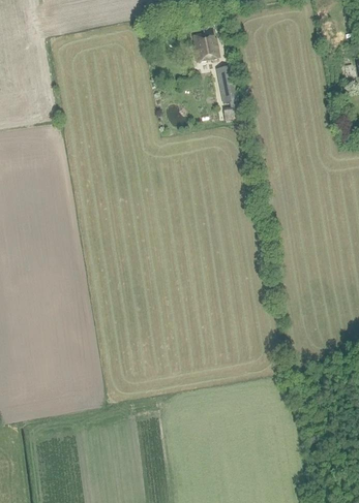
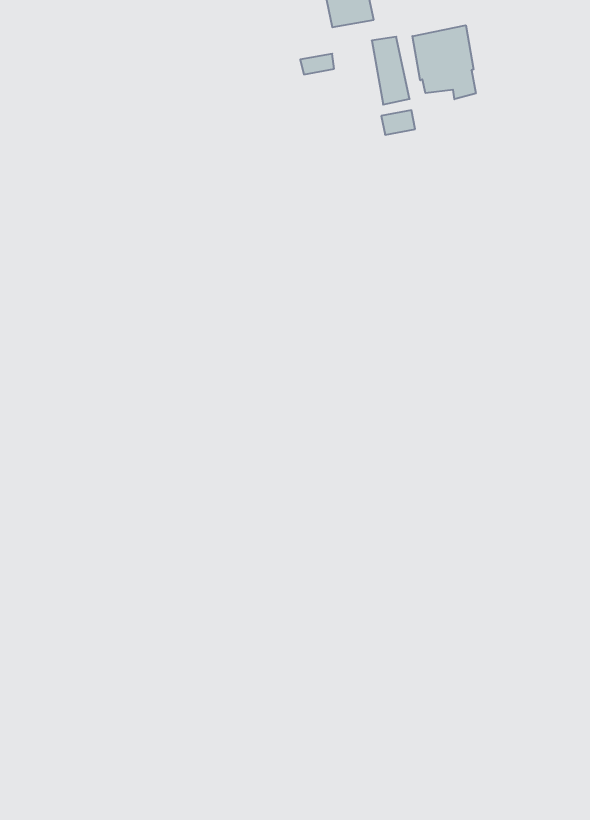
building: none -> [412,25,476,99]

